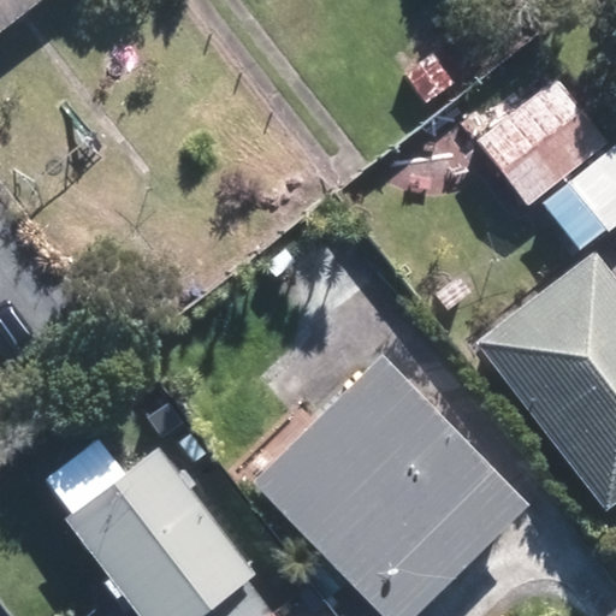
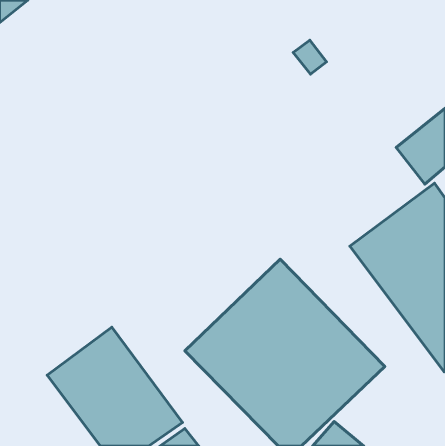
building: [480,82,608,206] -> none

